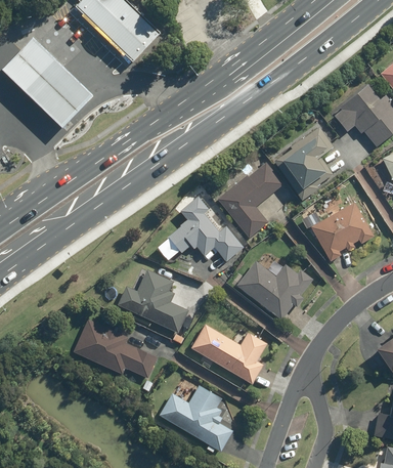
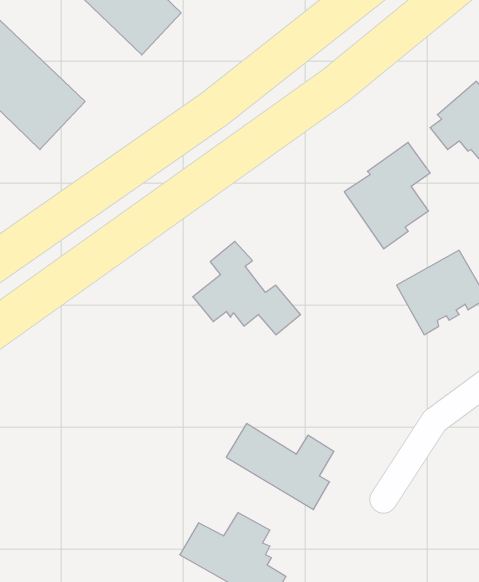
building: [217,162,283,238] -> none
building: [236,261,313,320] -> none
building: [118,269,188,333] -> none
building: [73,318,158,378] -> none

